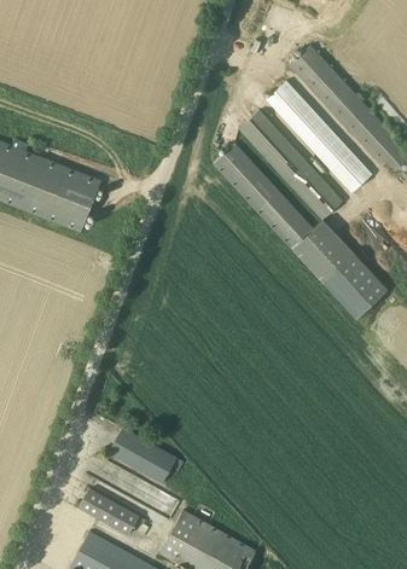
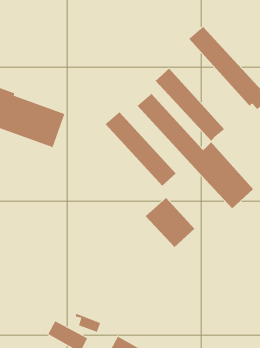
building: [266,81,373,193] -> [105,111,177,186]
building: none -> [145,197,195,248]
building: [109,429,178,484] -> none

